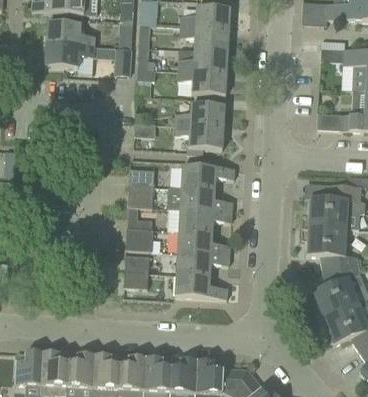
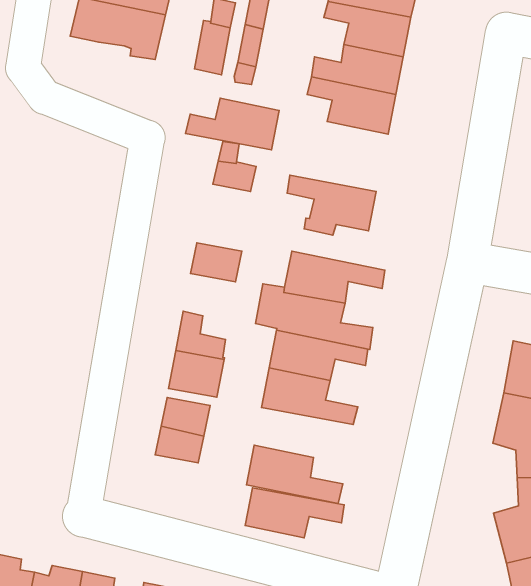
building: [175,103,224,127] -> [185,98,279,150]
building: [128,186,154,208] -> none
building: [177,253,229,276] -> [245,488,344,538]

